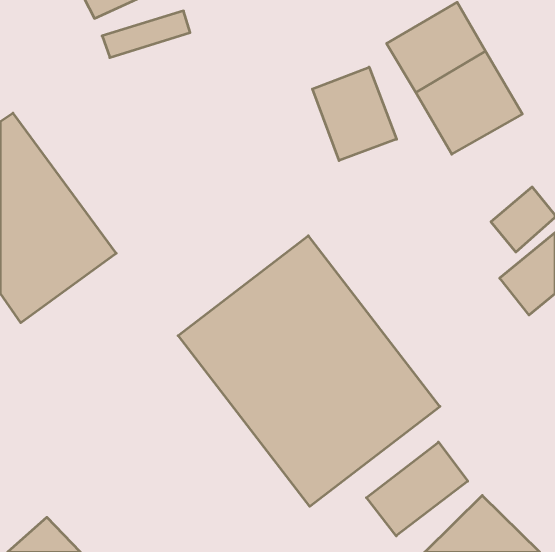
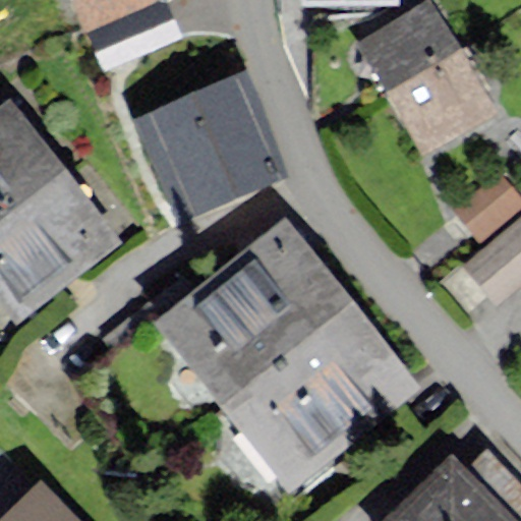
building: [312,67,397,161] -> none
building: none -> [141,80,274,208]
building: [366,442,468,536] -> none

